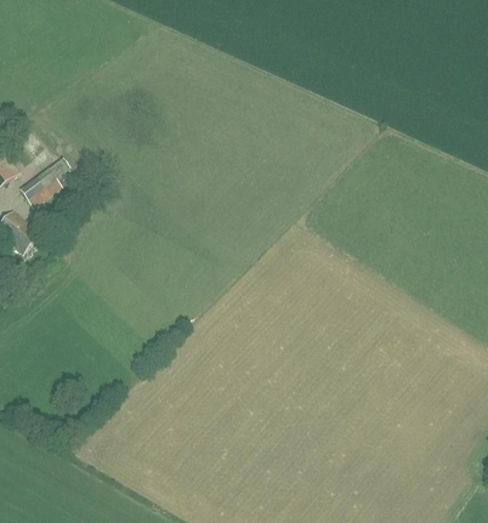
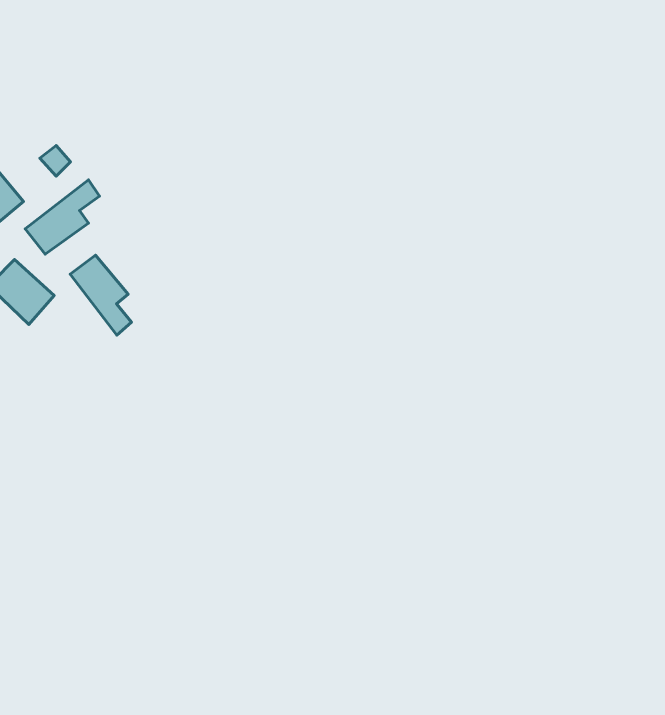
building: none -> [70,255,131,335]

